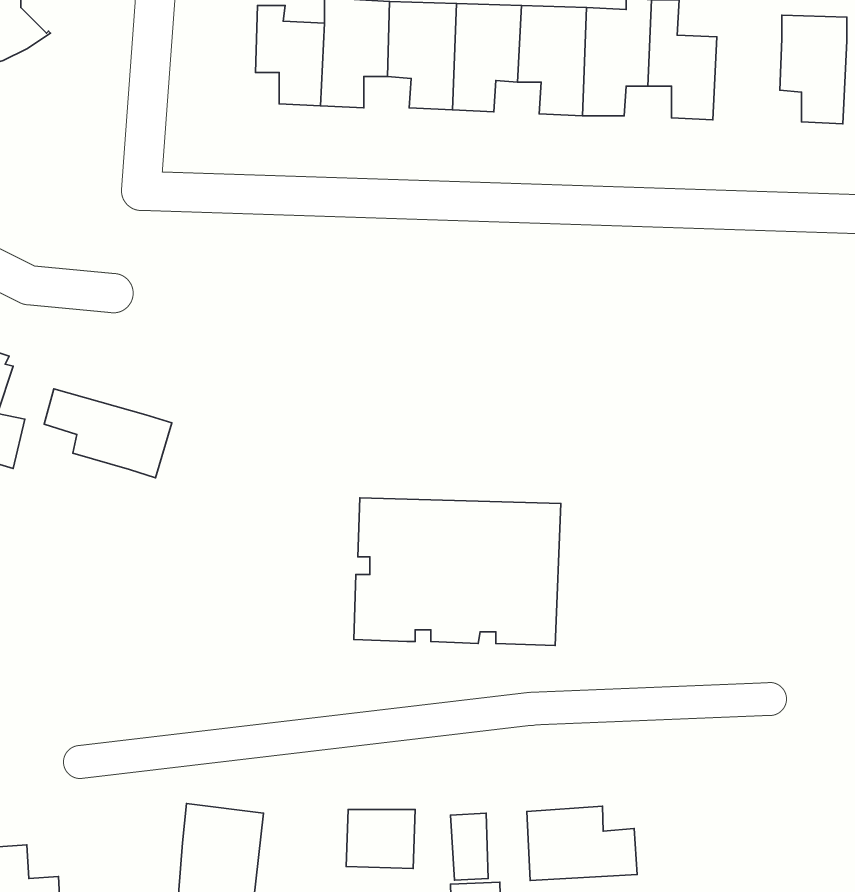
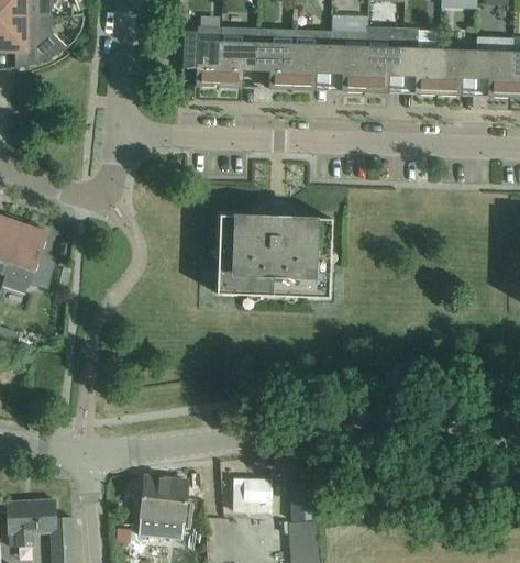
building: none -> [436,48,475,96]
building: [44,389,172,478] -> none
building: [354,498,561,646] -> [215,214,331,297]
building: [527,806,637,880] -> none

